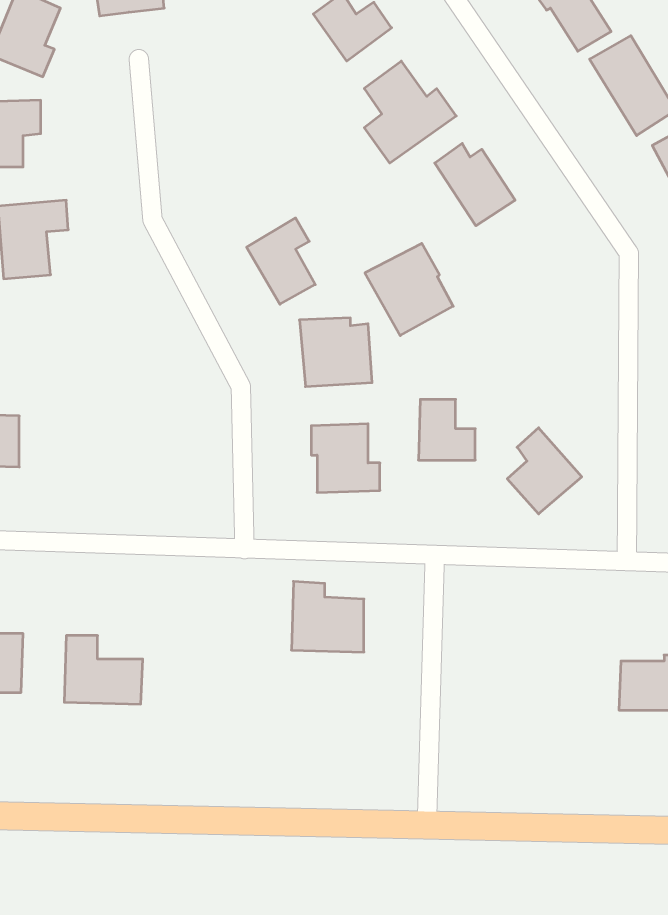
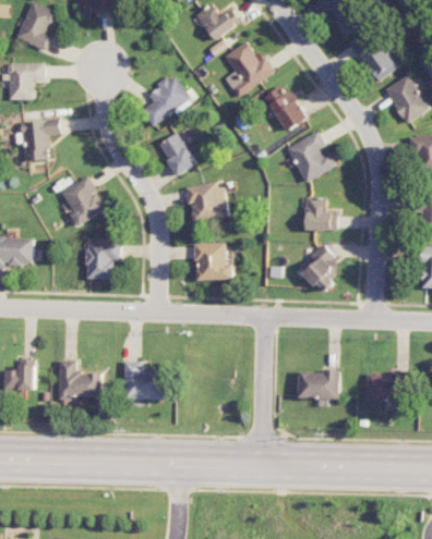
building: none -> [141,74,191,126]
building: [365,243,453,336] -> [286,132,335,183]
building: none -> [60,176,107,228]
building: [418,399,475,460] -> [304,197,336,231]
building: none -> [84,243,120,280]
building: [291,581,364,652] -> [122,362,163,401]
building: none -> [298,370,339,400]

